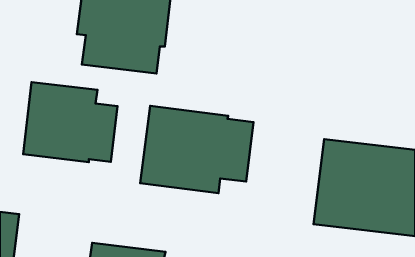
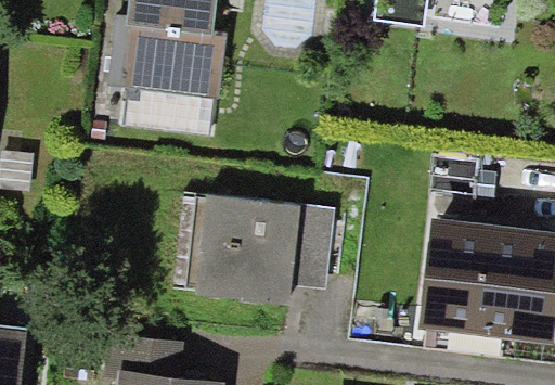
building: [23,82,118,162] -> none

